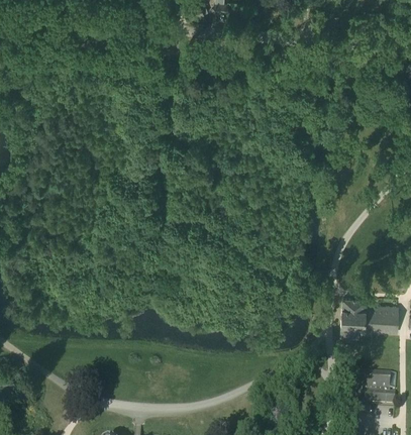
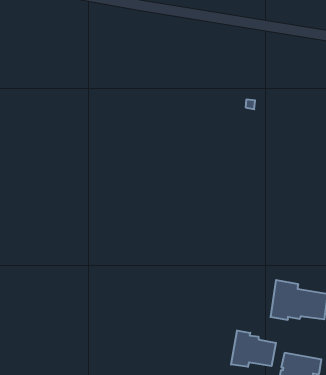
building: none -> [231,330,276,367]

